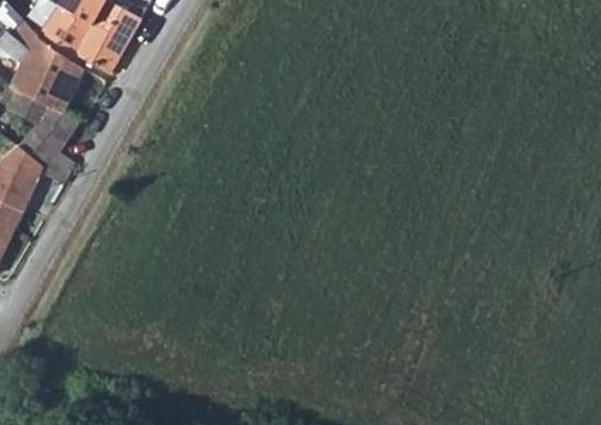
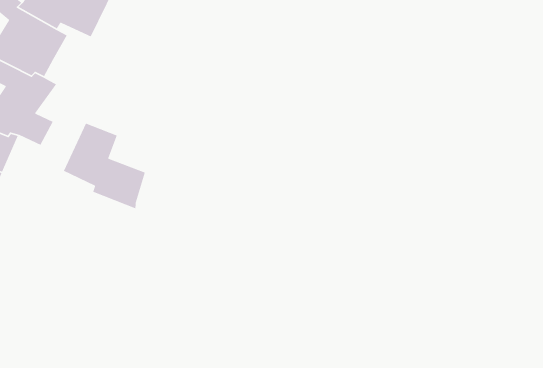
building: none -> [63,123,146,209]

